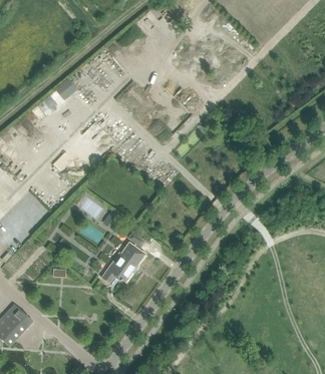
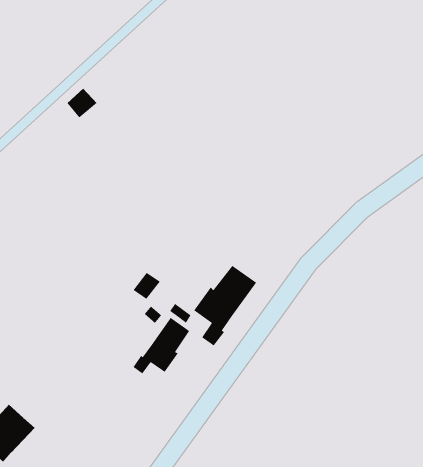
building: none -> [193,265,257,346]

